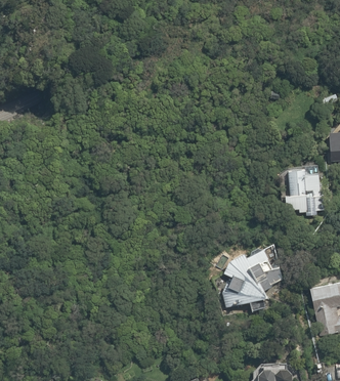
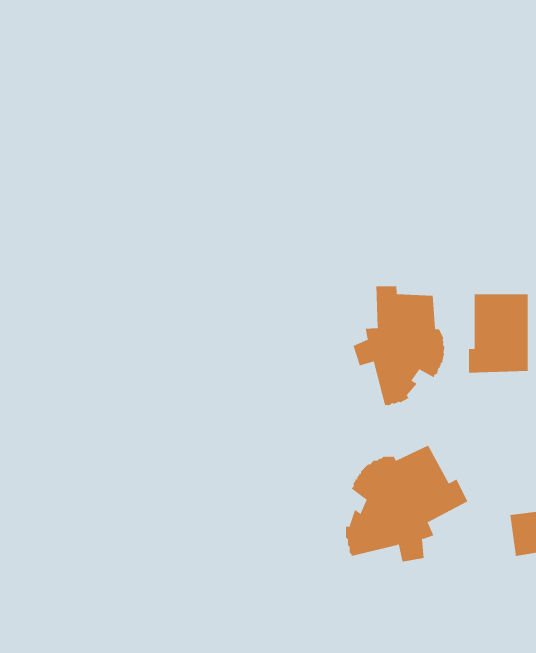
building: none -> [353,286,445,406]

